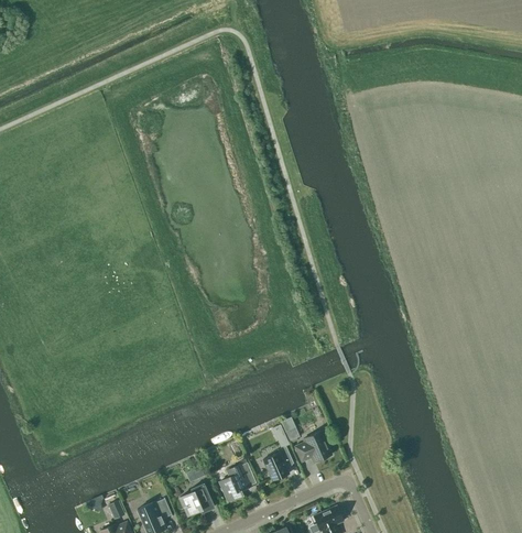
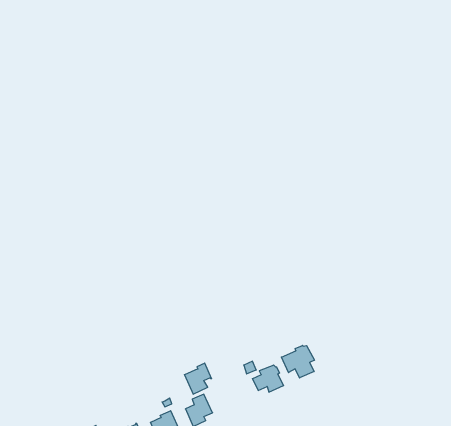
building: none -> [281,345,314,378]
building: [262,446,293,481] -> [184,363,212,394]

